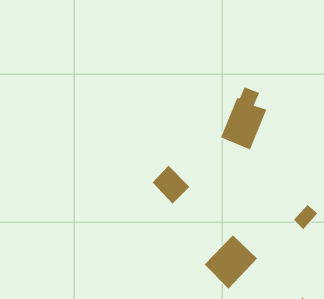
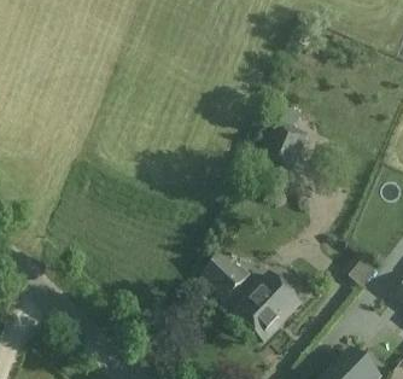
building: [152,165,190,204] -> [204,252,249,298]

